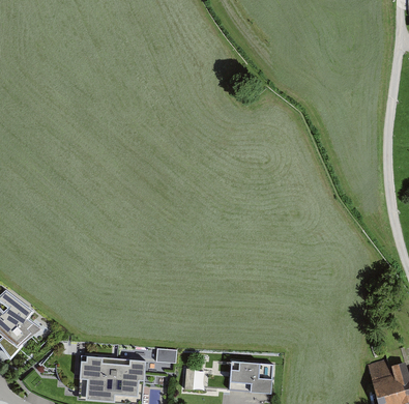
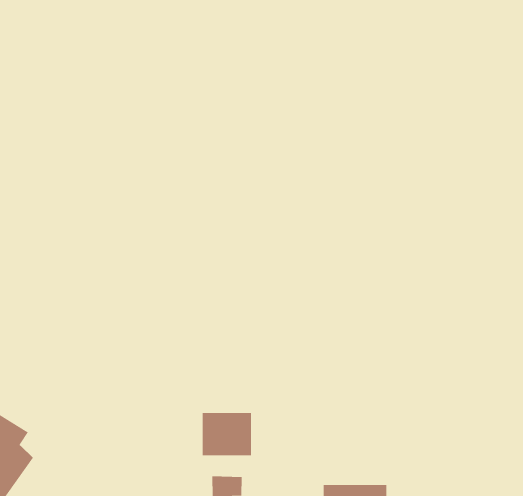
building: none -> [202,412,252,456]

